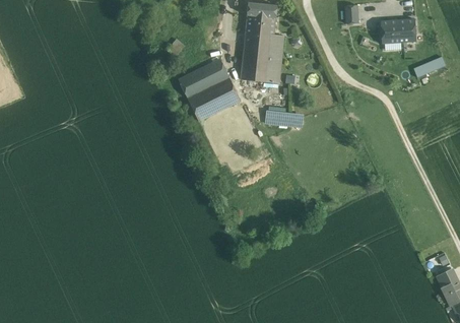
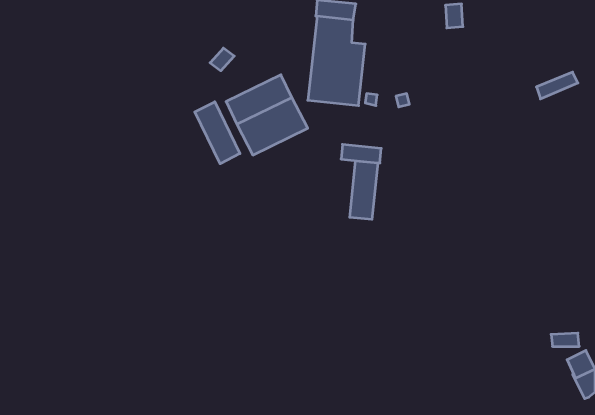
building: [381,18,416,43] -> none
building: none -> [195,102,240,164]
building: none -> [350,161,378,219]

